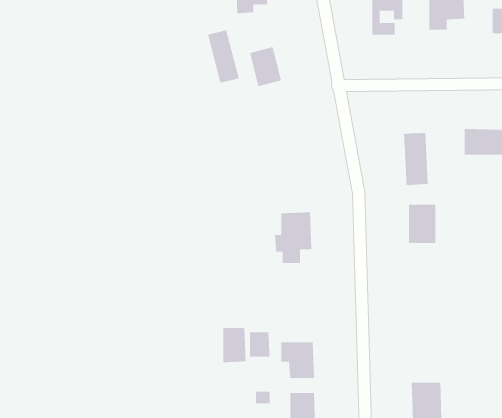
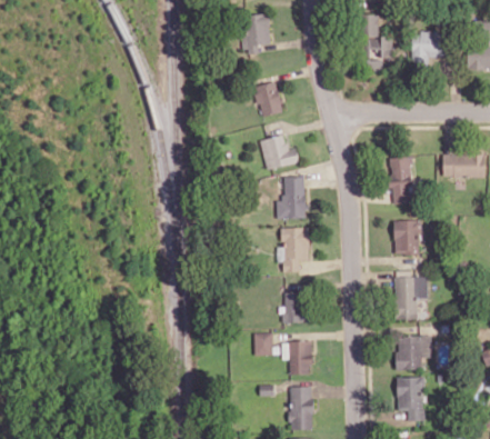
building: [207,29,239,84] -> none
building: none -> [261,134,299,169]
building: none -> [277,176,307,218]
building: none -> [394,277,428,319]
building: [223,328,247,363] -> [284,291,306,322]
building: none -> [397,335,432,370]

